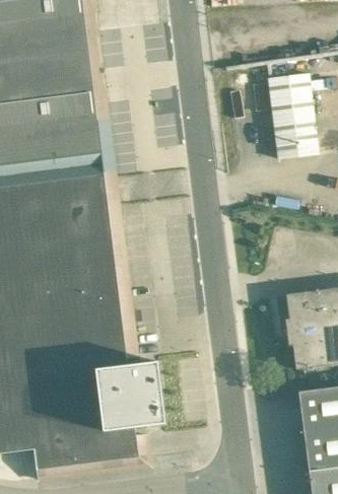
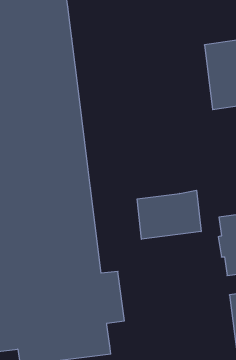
building: none -> [137,190,201,239]

